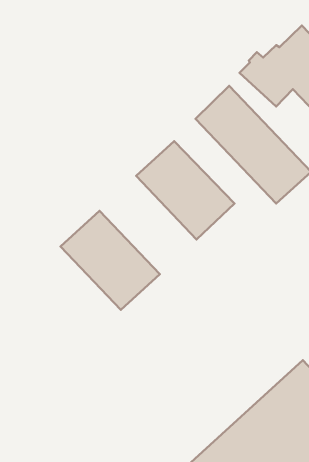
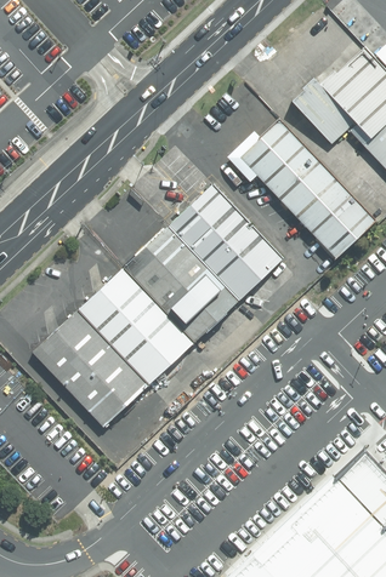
building: none -> [124,227,239,343]
building: none -> [32,310,149,428]

